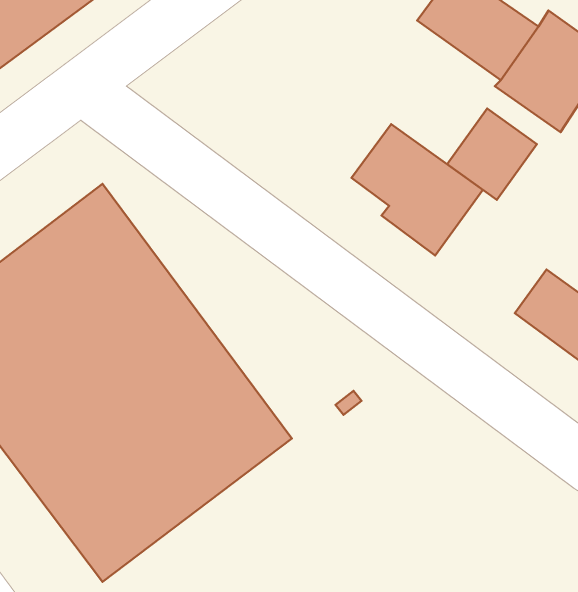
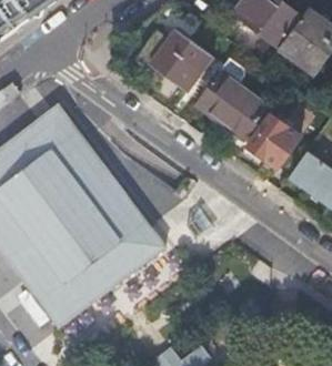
building: none -> [149,29,211,90]
building: [447,108,537,200] -> [248,115,298,166]

